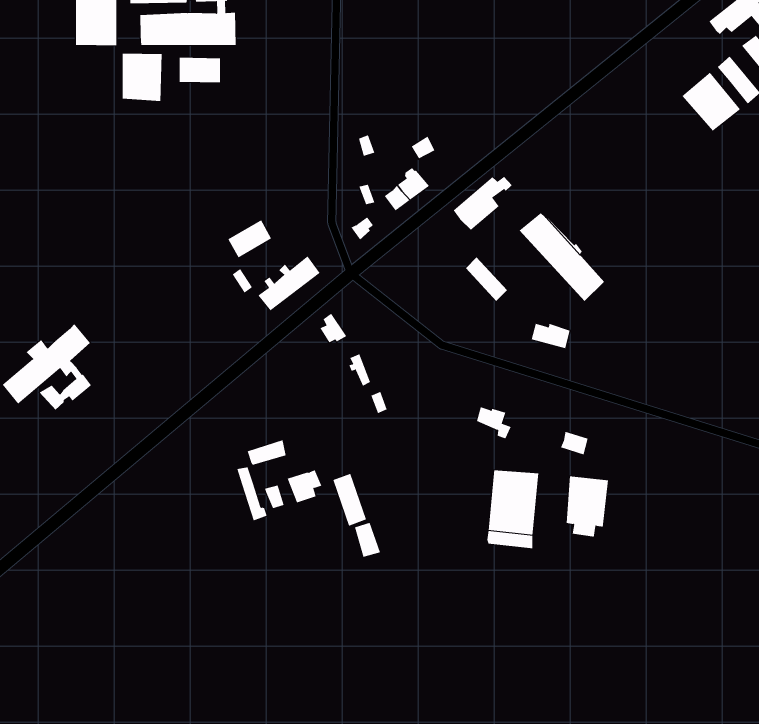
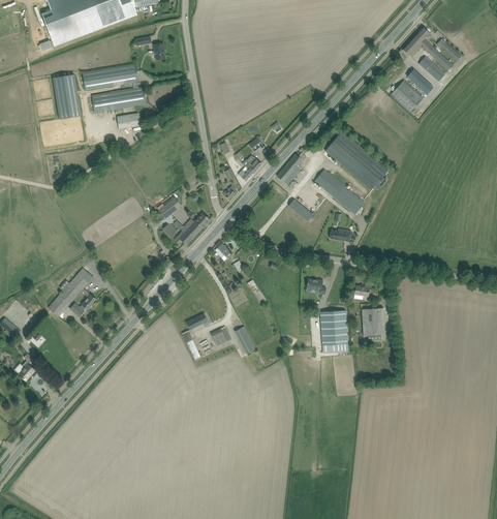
building: [122,53,162,102] -> none
building: none -> [324,132,387,190]

